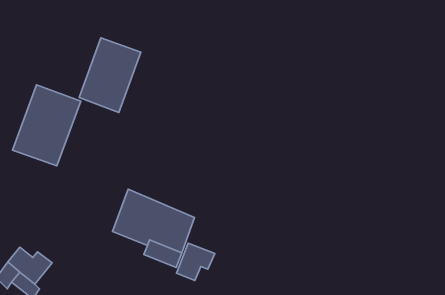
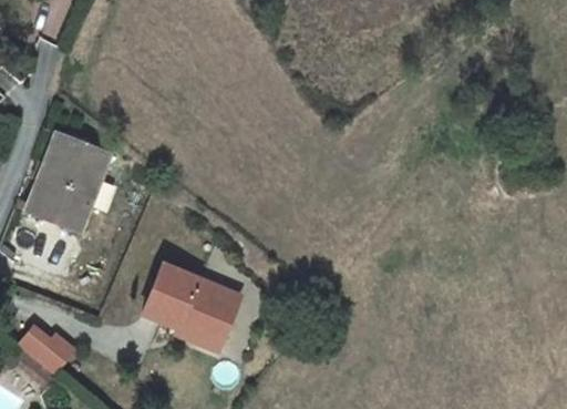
building: [79,38,141,112] -> none
building: [177,243,215,280] -> none

